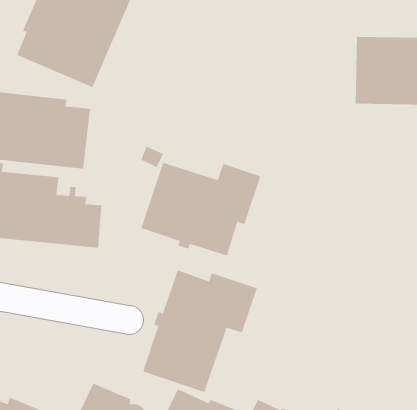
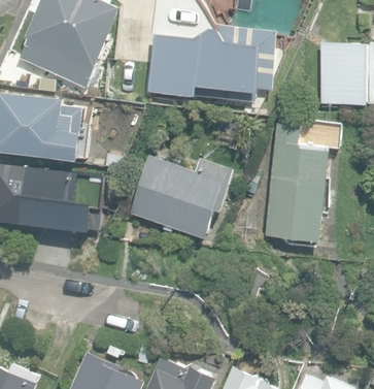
building: none -> [146,20,275,98]
building: none -> [264,118,340,240]
building: [142,269,257,393] -> none

